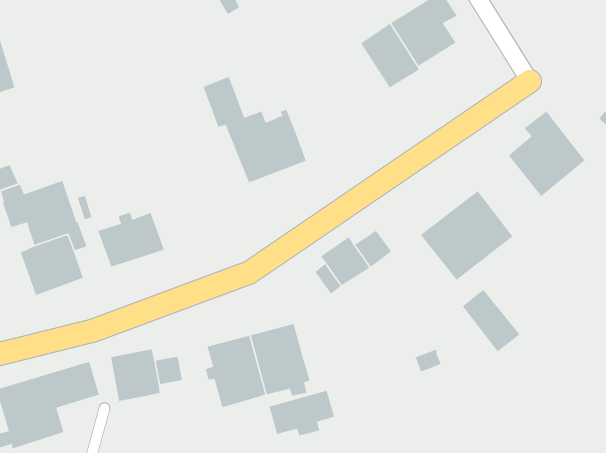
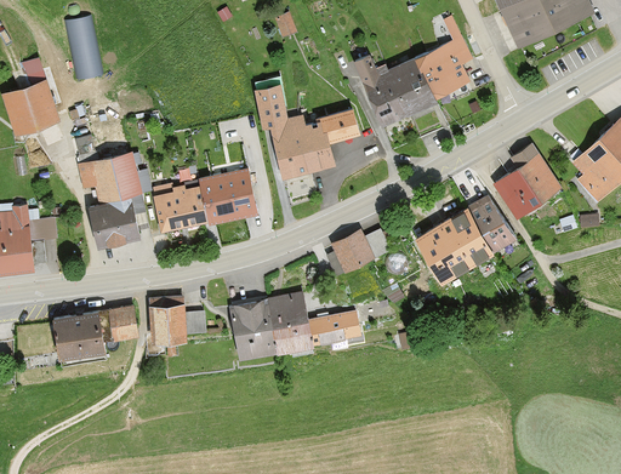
building: none -> [354,57,408,125]
building: none -> [321,112,358,142]
building: none -> [199,159,256,223]
building: [462,289,520,352] -> [469,193,514,246]
building: [268,390,335,437] -> [309,312,363,347]

